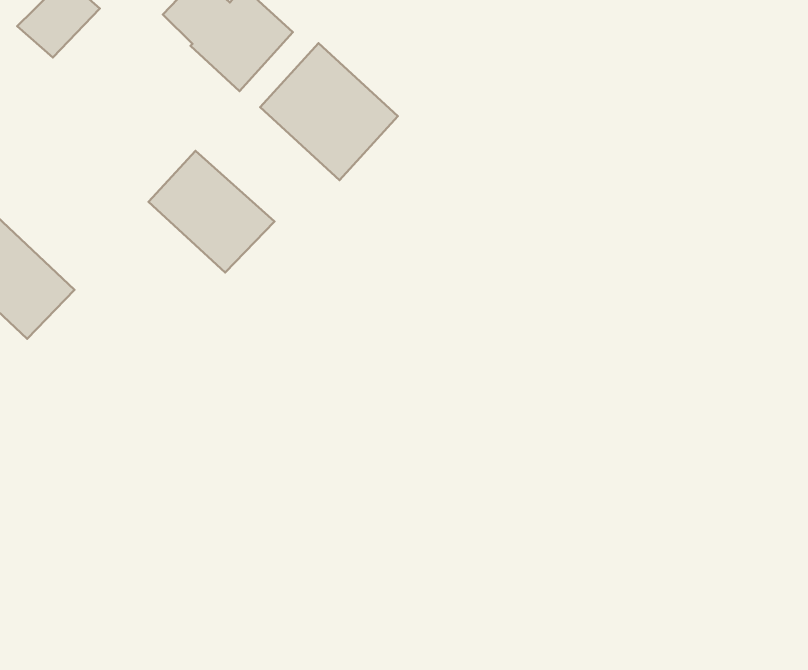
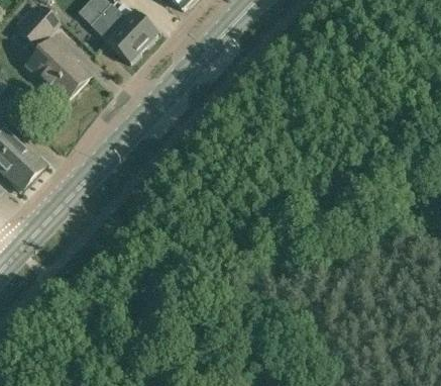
building: [260,43,398,180] -> none
building: [148,151,274,273] -> [25,37,90,100]

